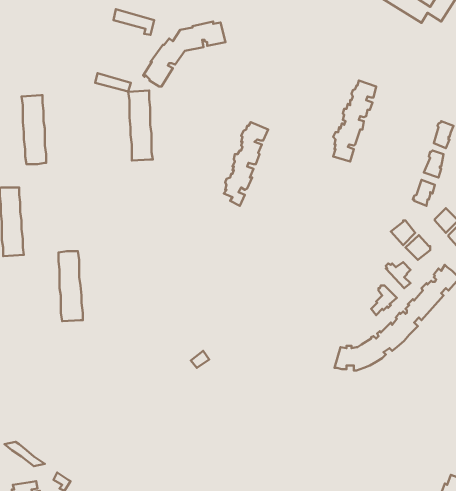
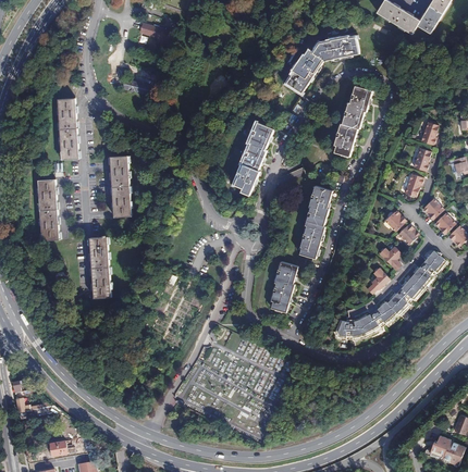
building: [143,21,225,86] -> [286,34,359,91]
building: [128,91,153,161] -> [109,154,131,216]
building: none -> [298,185,332,258]
building: none -> [270,261,297,311]

